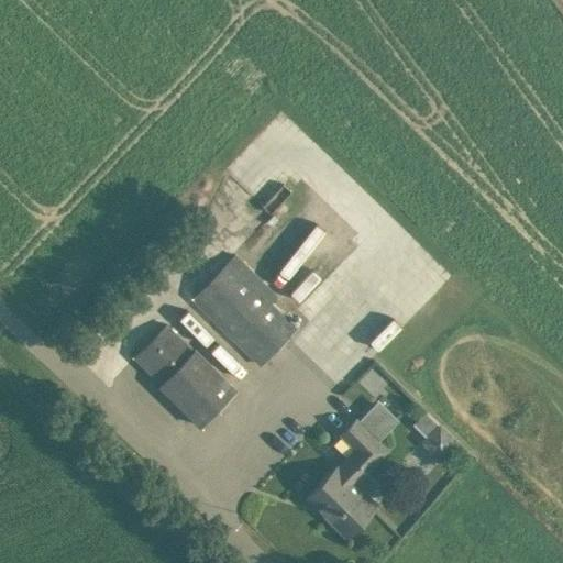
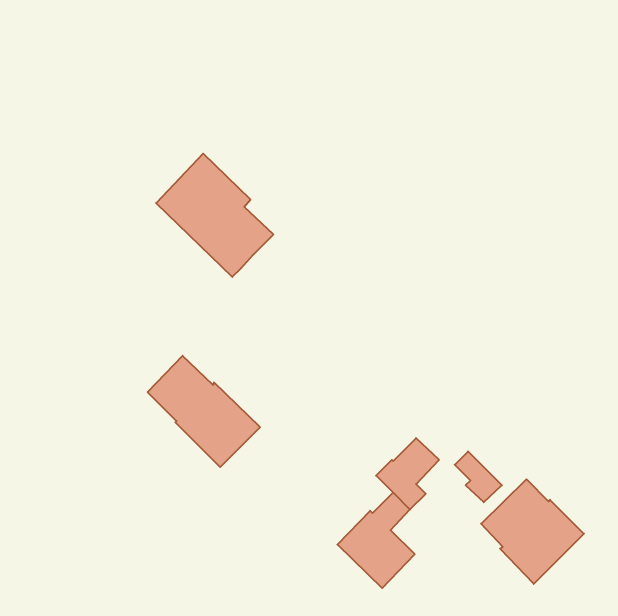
building: [191,255,298,367] -> [156,154,273,277]
building: none -> [481,479,584,584]

